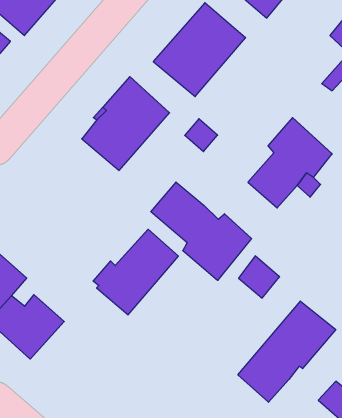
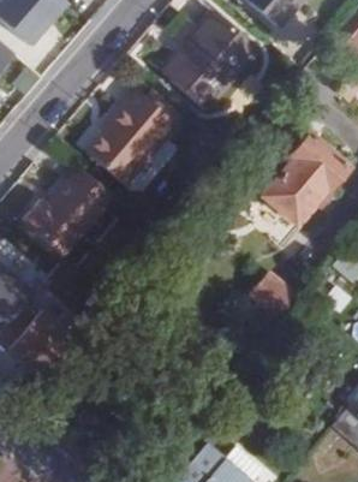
building: [151,182,252,280] -> none
building: [93,229,178,315] -> [23,166,111,254]
building: [238,301,336,402] -> none

